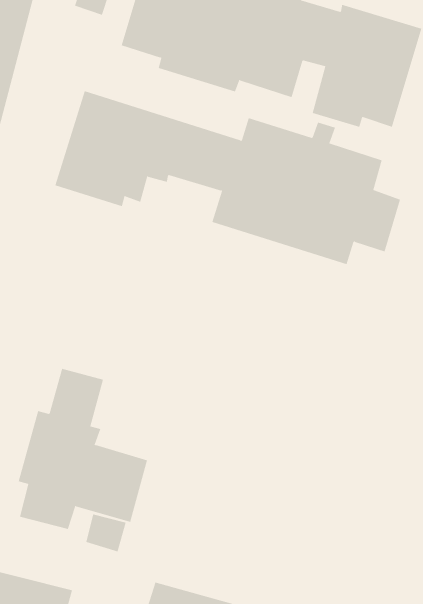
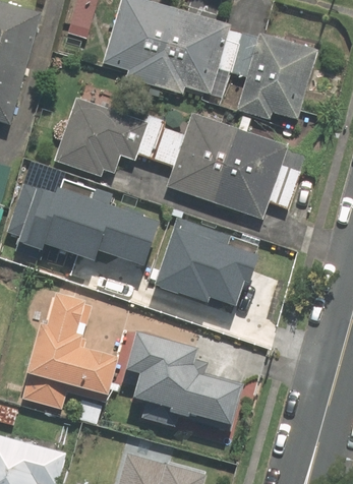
building: none -> [18,185,159,271]
building: none -> [156,233,257,311]
building: none -> [125,329,243,426]

